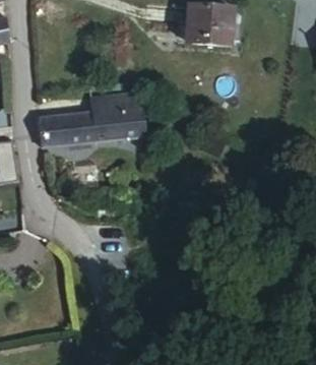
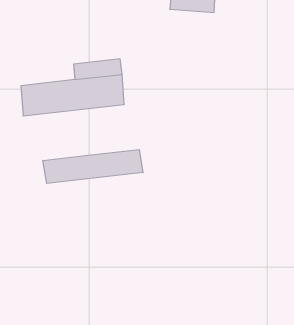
building: none -> [43,150,143,183]

